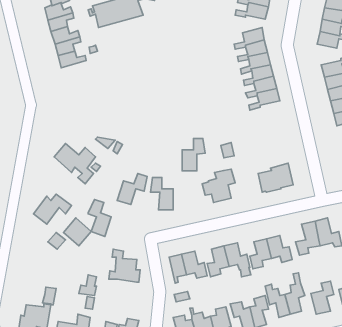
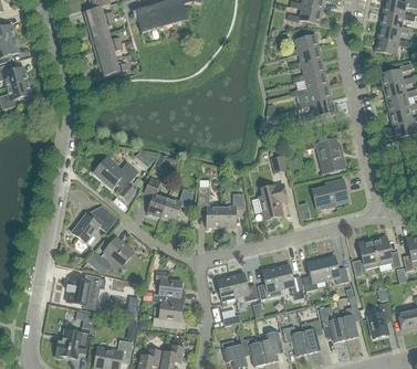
building: none -> [301,136,343,172]
building: [182,139,205,171] -> [220,193,244,228]
building: [88,199,111,237] -> [143,178,167,218]
building: none -> [66,274,105,309]
building: none -> [152,302,186,328]

